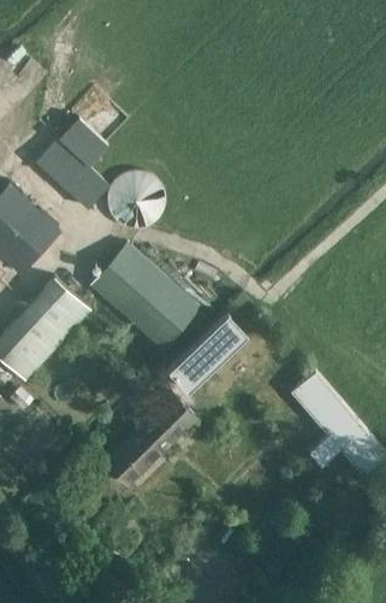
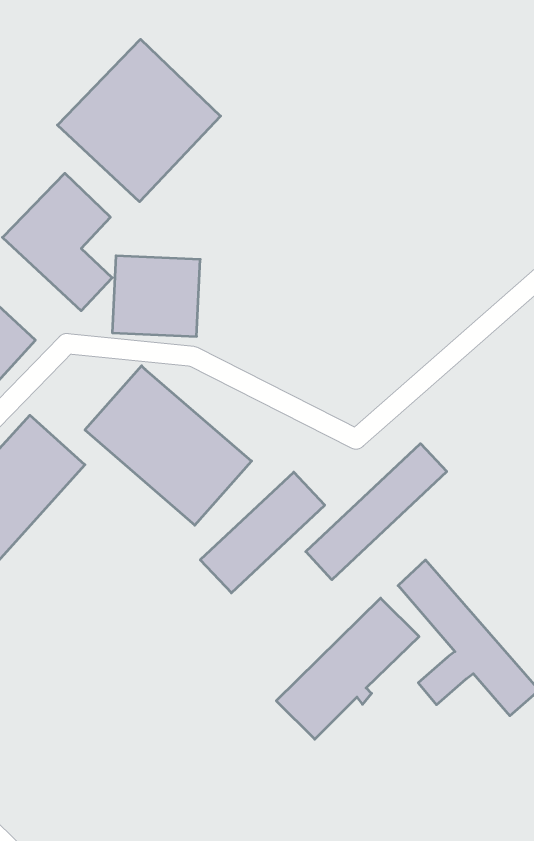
building: none -> [57,39,221,202]
building: none -> [306,444,447,580]
building: [102,394,196,486] -> [276,598,419,739]

